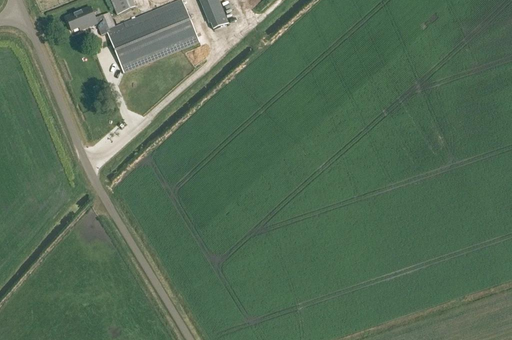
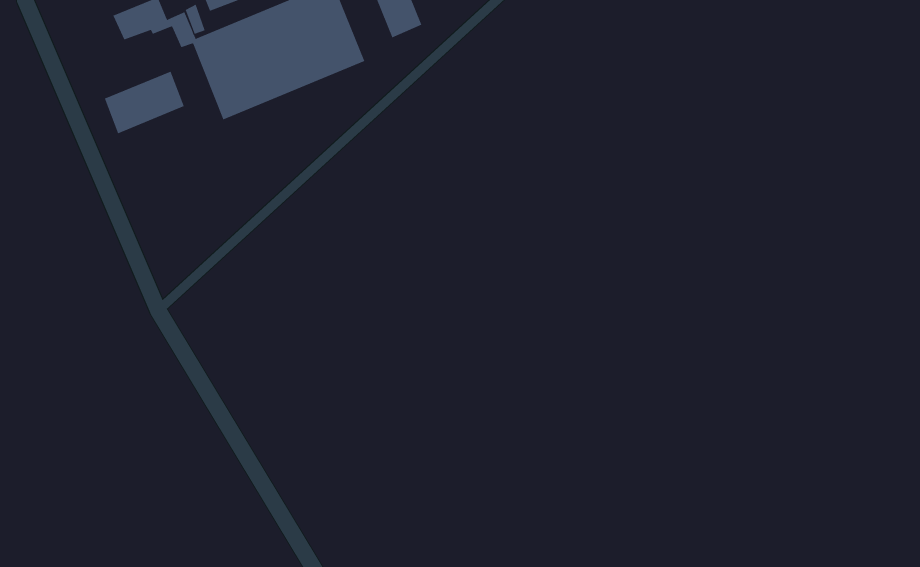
building: none -> [104,71,185,134]

